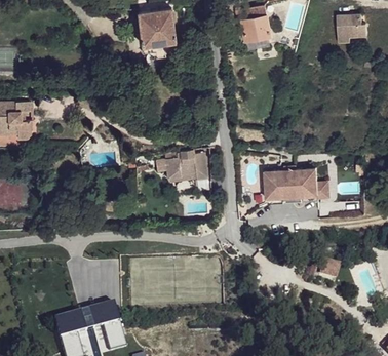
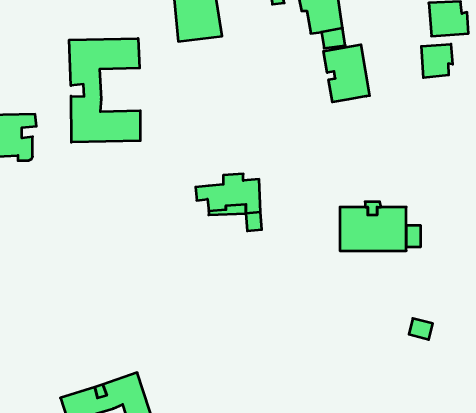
building: none -> [69,38,140,142]
building: none -> [421,44,453,78]
building: none -> [324,45,370,102]

